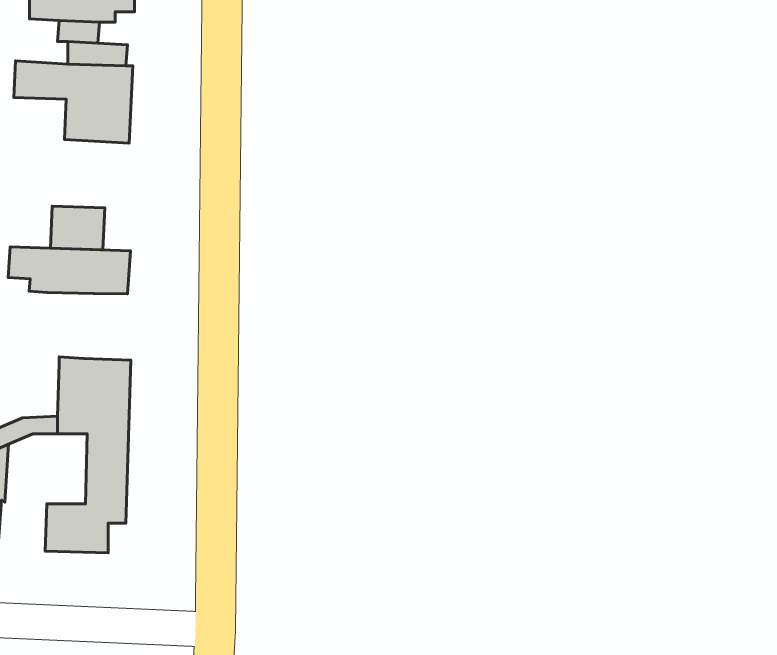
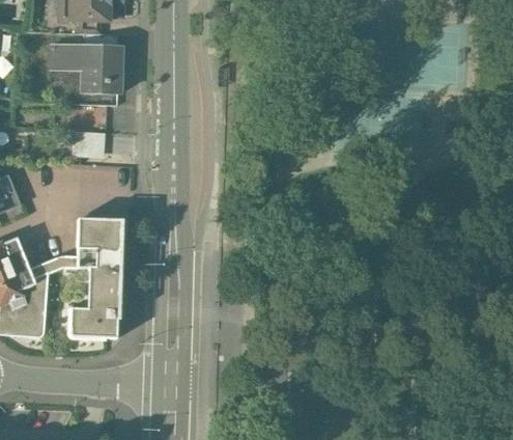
building: [8,247,130,294] -> none

